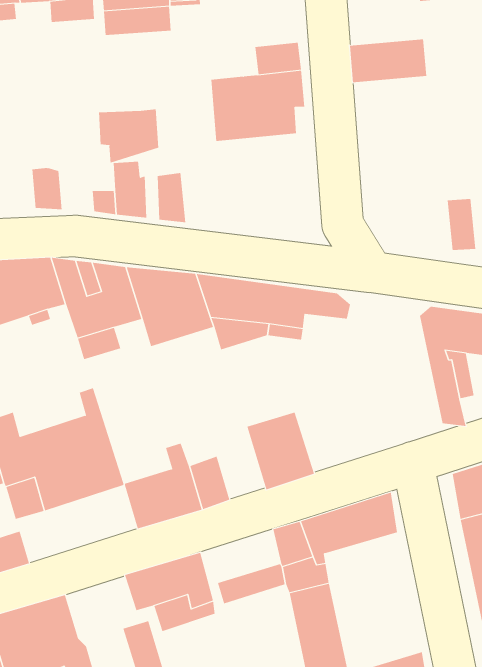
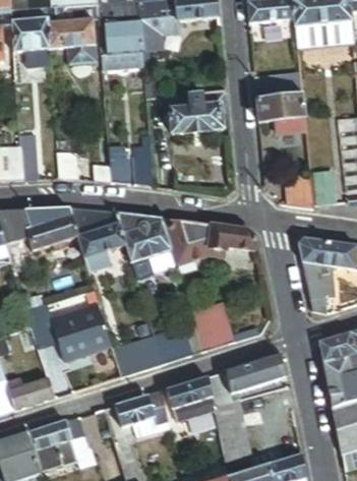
building: none -> [256,94,307,133]
building: [99,109,159,164] -> none
building: none -> [285,175,314,207]
building: none -> [166,376,212,410]

